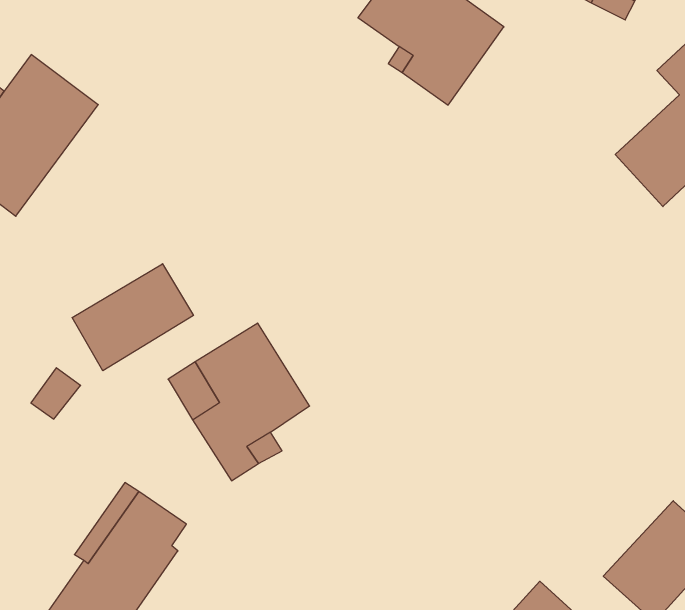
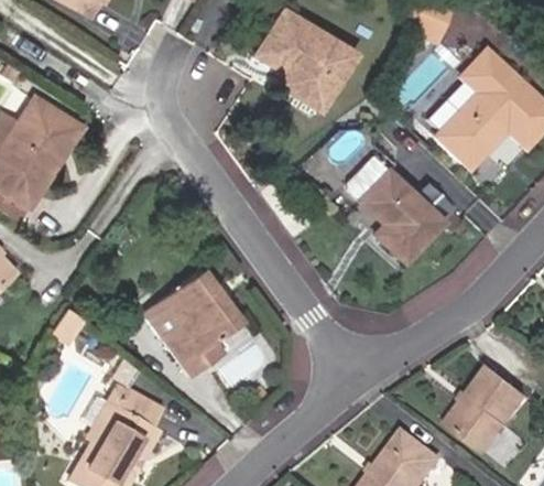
building: none -> [347,156,442,261]
building: [72,264,193,371] -> none

